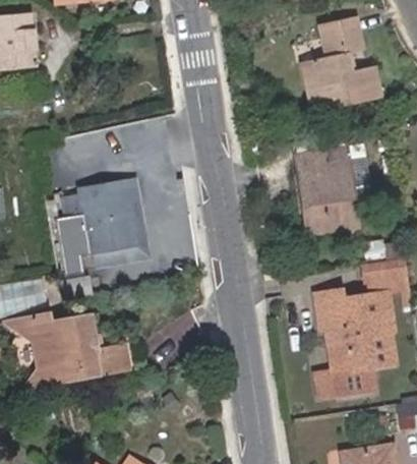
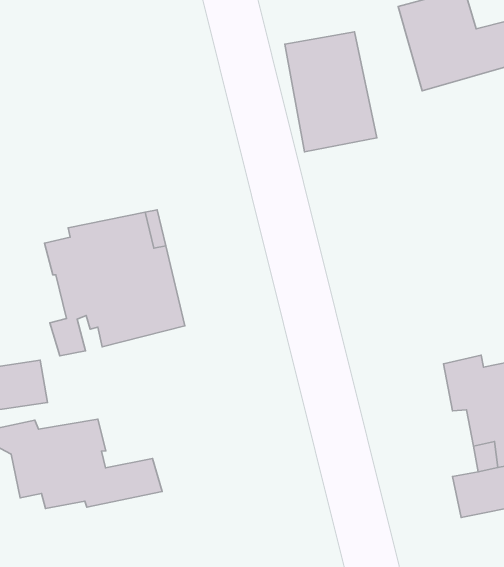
building: [300,151,357,228] -> [285,32,377,152]

